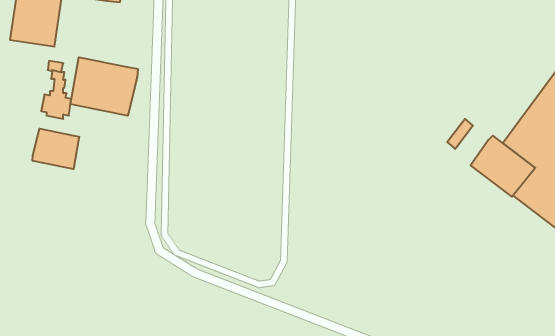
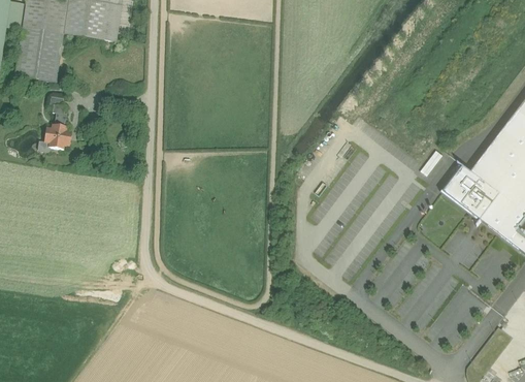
building: [71,57,138,116] -> none
building: [33,129,79,169] -> none

